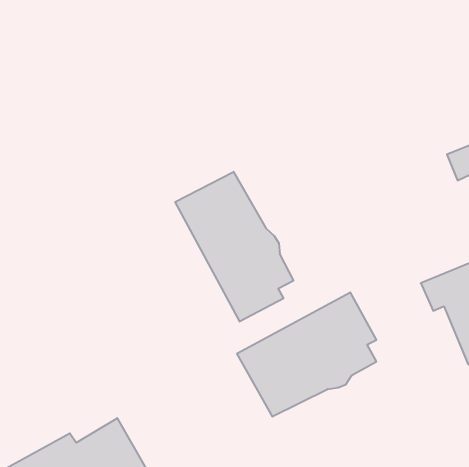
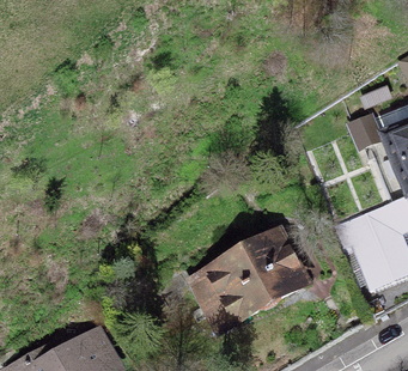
building: [175,172,293,322] -> none

